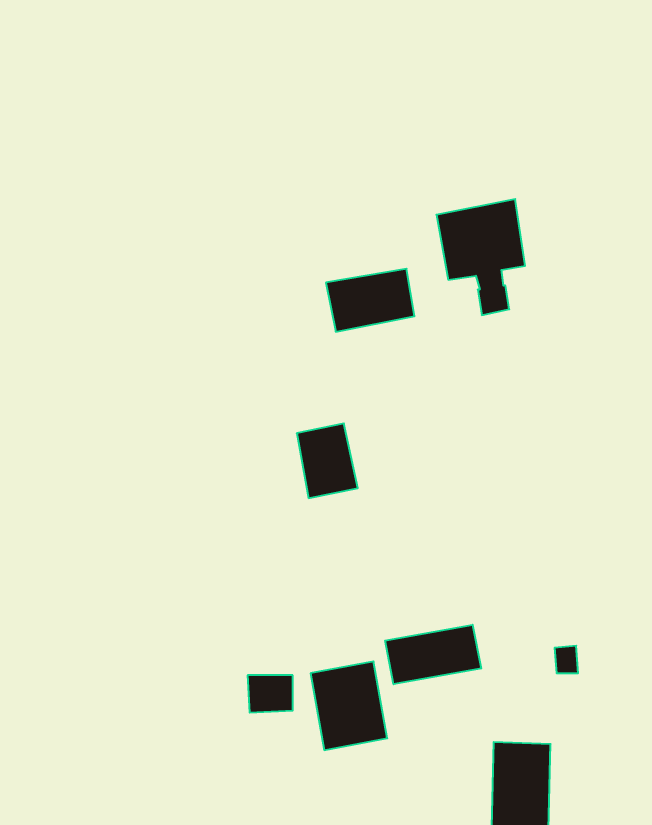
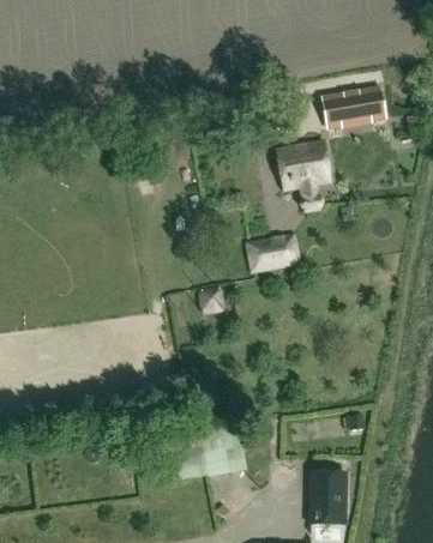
building: none -> [321,86,386,128]
building: [326,269,415,332] -> [246,235,300,273]
building: [385,625,481,684] -> none

